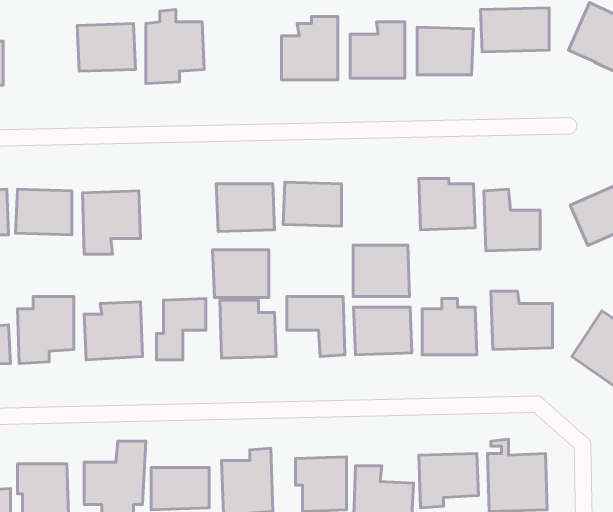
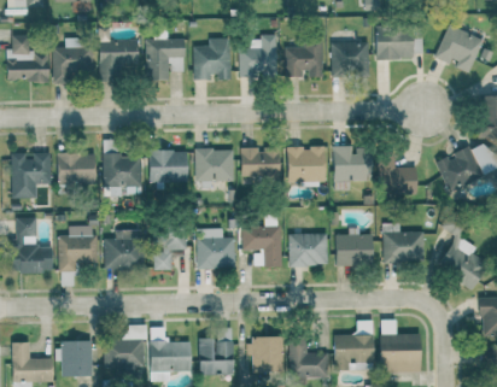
building: none -> [193,37,232,80]
building: none -> [53,39,94,81]
building: [353,245,410,296] -> [287,147,326,182]
building: [213,250,269,298] -> [148,151,187,183]

